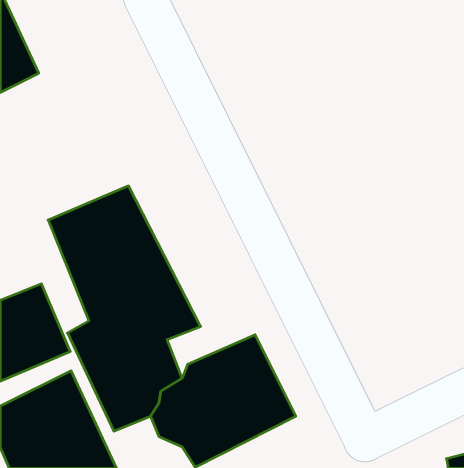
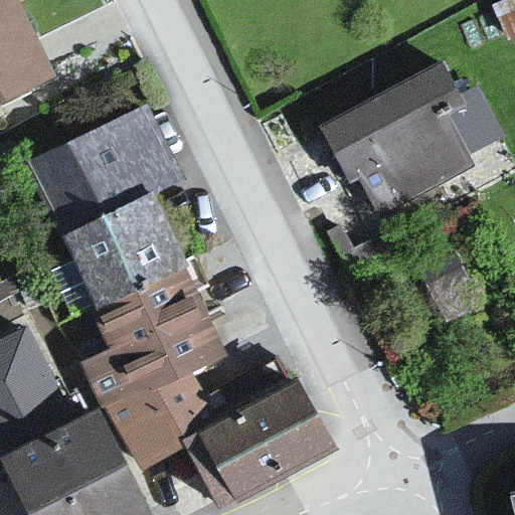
building: none -> [318,59,508,216]
building: none -> [29,106,186,239]

